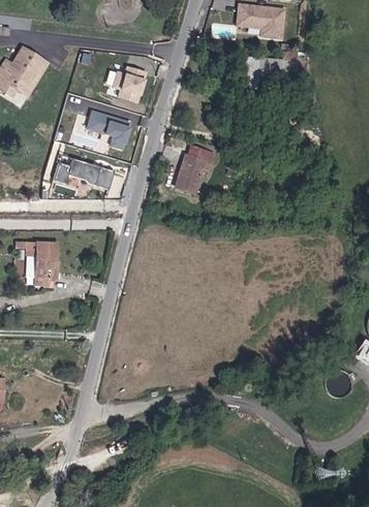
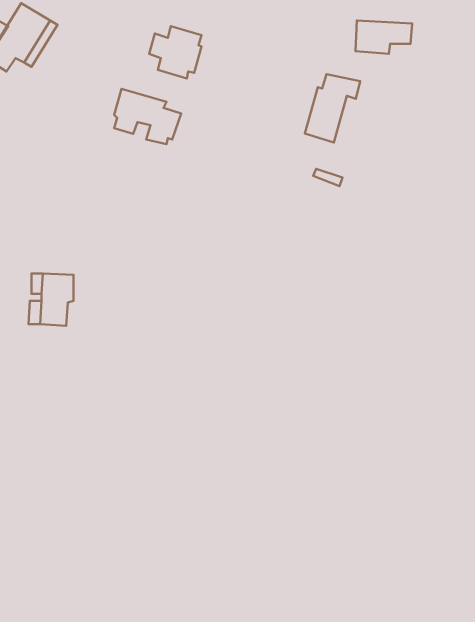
building: [175,147,214,195] -> [305,74,360,142]
building: [55,156,115,188] -> none

